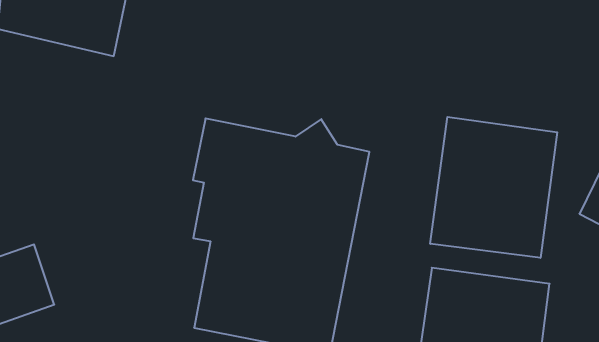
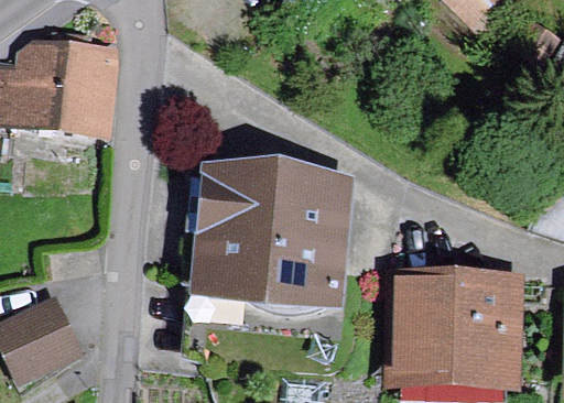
building: [430,117,557,258] -> none

